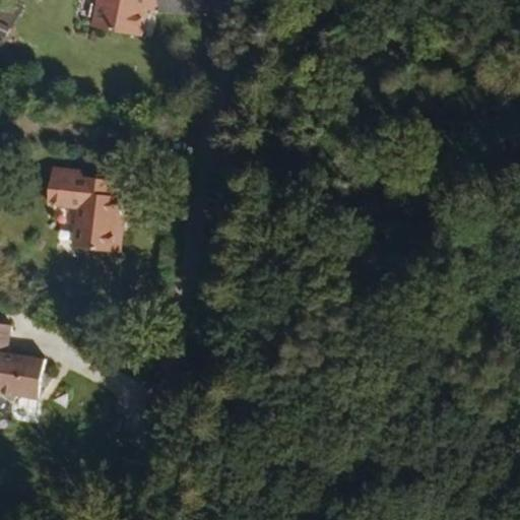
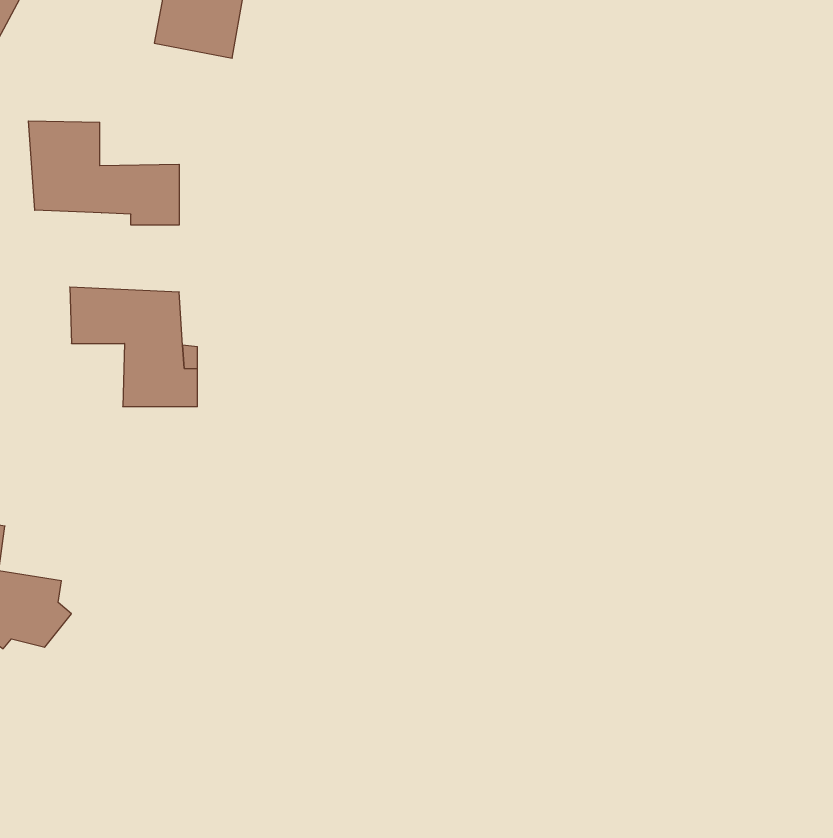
building: none -> [28,121,179,225]

